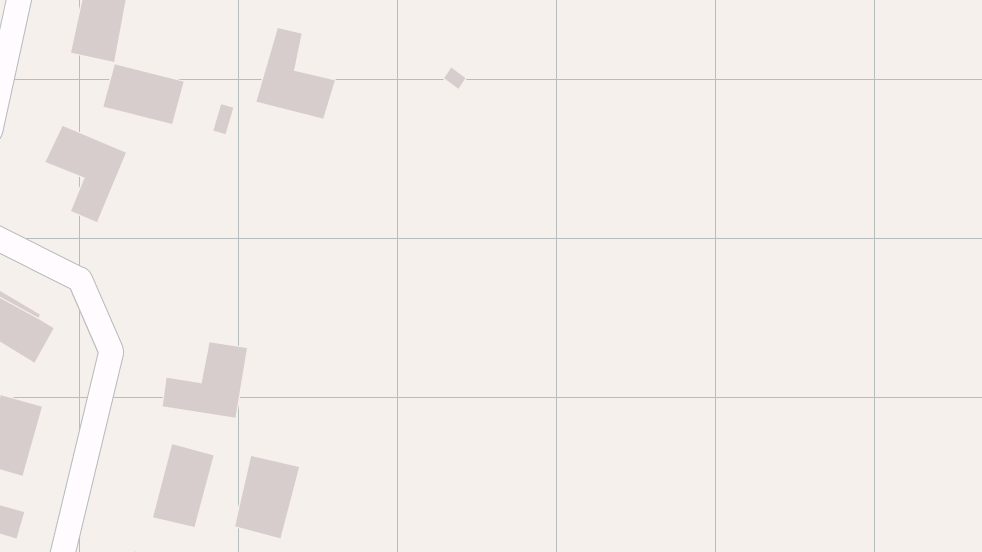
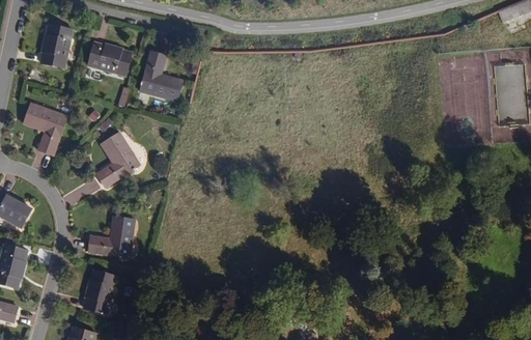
building: [102,64,185,124] -> [86,41,130,74]
building: none -> [96,133,140,186]
building: [234,455,300,539] -> none

